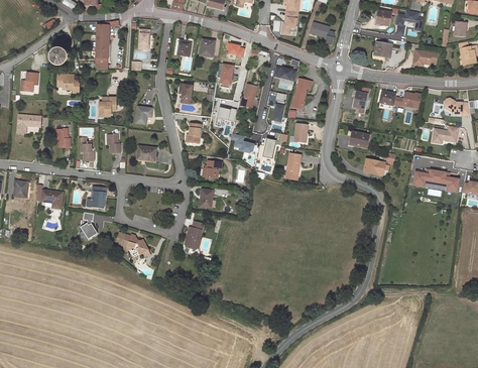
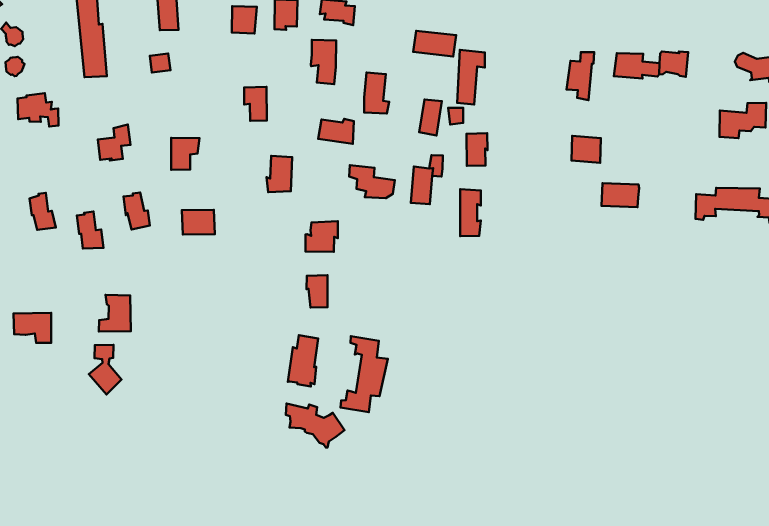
building: none -> [341,336,388,412]
building: [117,231,147,257] -> [286,403,344,448]

